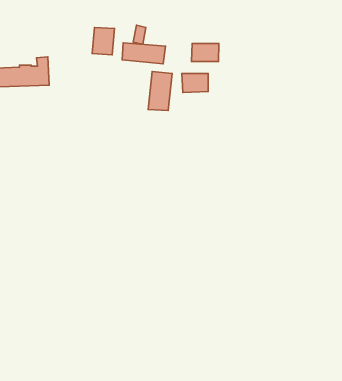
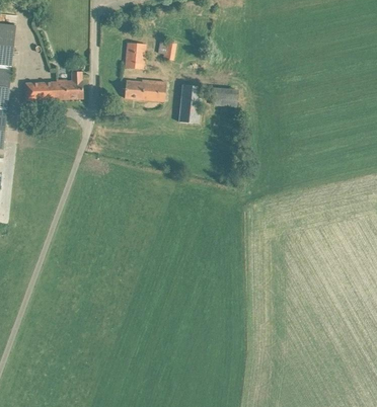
building: [122,43,165,64] -> [124,81,165,101]
building: [192,44,219,62] -> none

